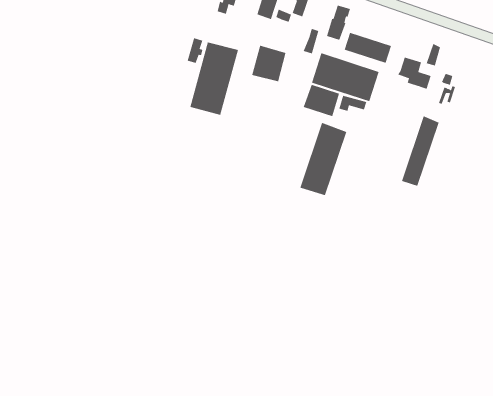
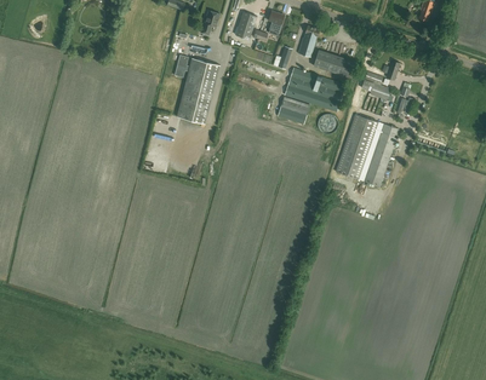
building: [252,45,286,82] -> none
building: [299,122,347,196] -> [335,114,377,179]

